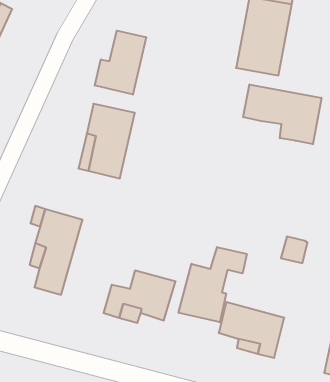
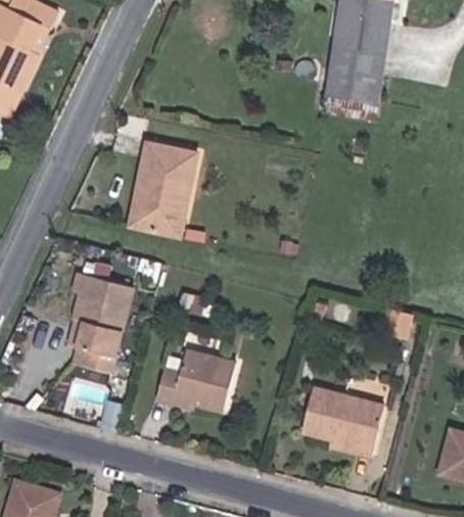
building: [95,31,146,95] -> none
building: [243,84,321,144] -> none
building: [179,247,247,322] -> none

